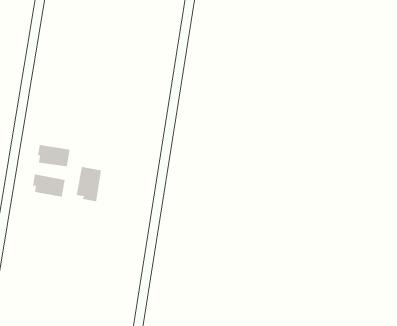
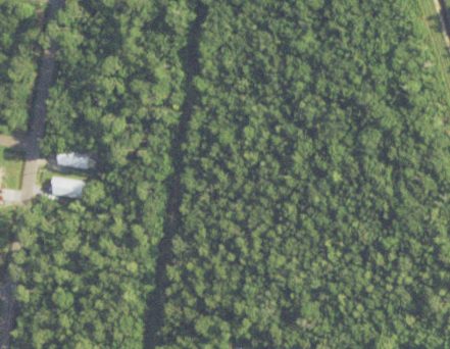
building: [76,166,102,202] -> none

